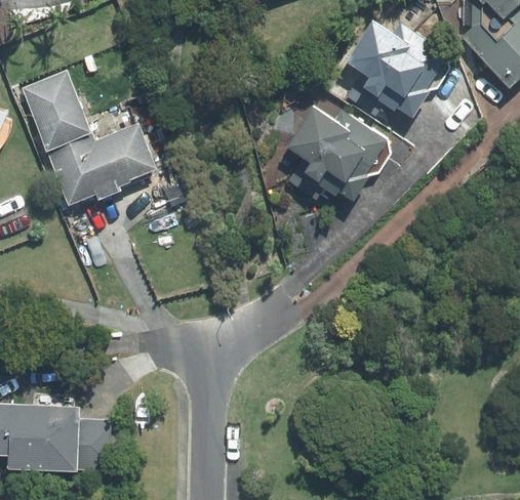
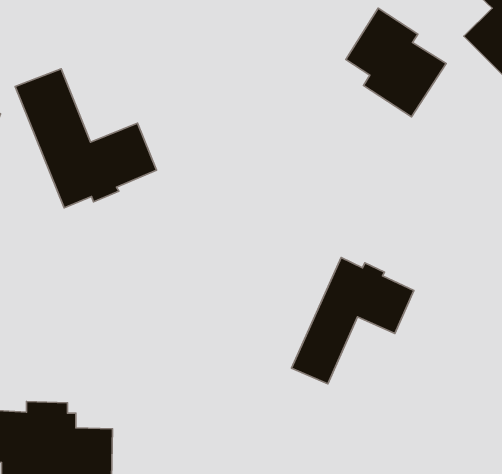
building: [286,106,391,203] -> none
building: none -> [292,258,414,384]

